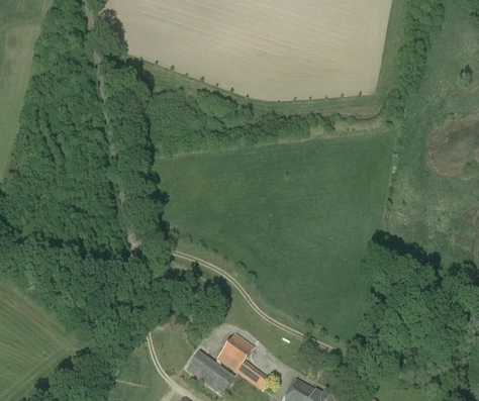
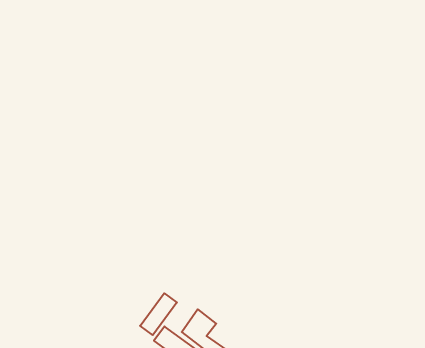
building: none -> [140,293,177,335]

